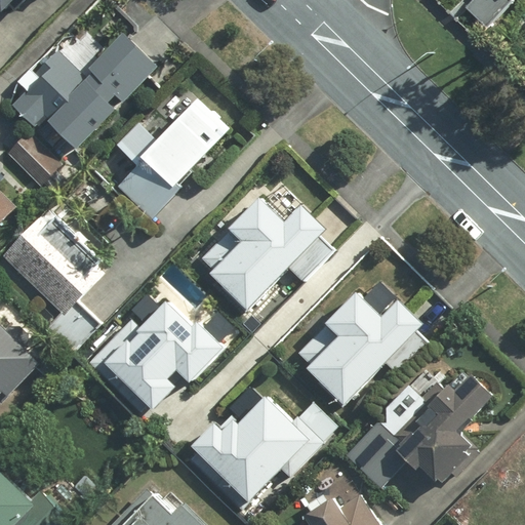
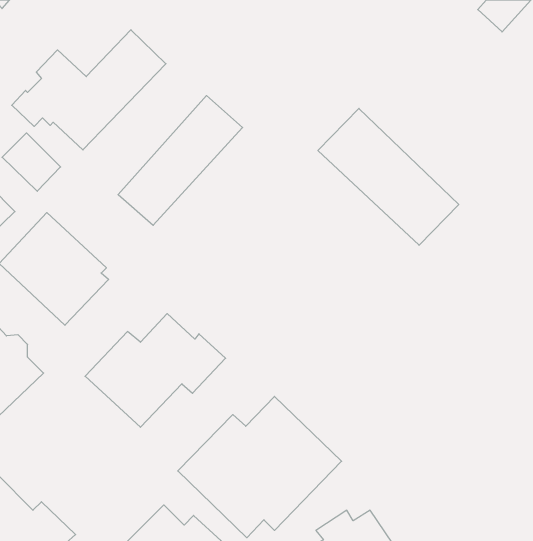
building: none -> [318,108,459,245]
building: [200,195,329,314] -> none
building: [292,297,420,405] -> none
building: [341,370,498,488] -> none

